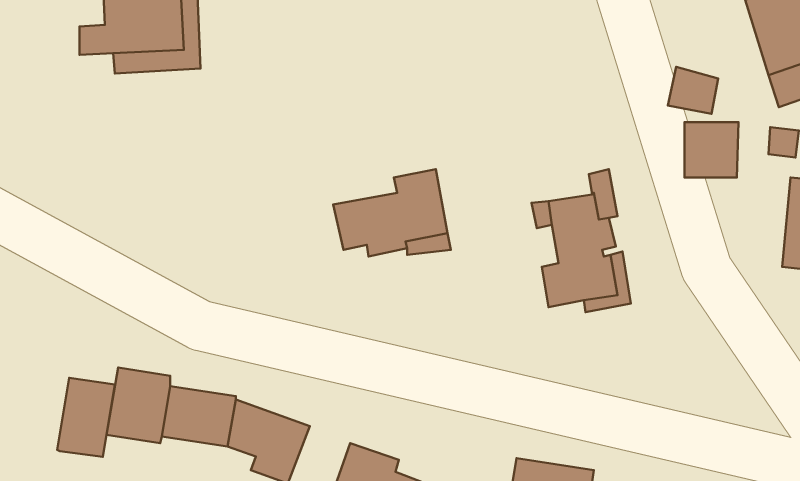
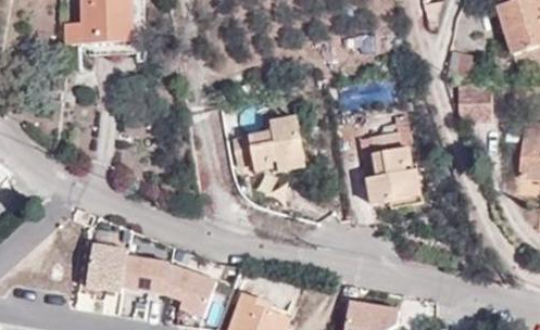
building: [57,378,115,457] -> none

